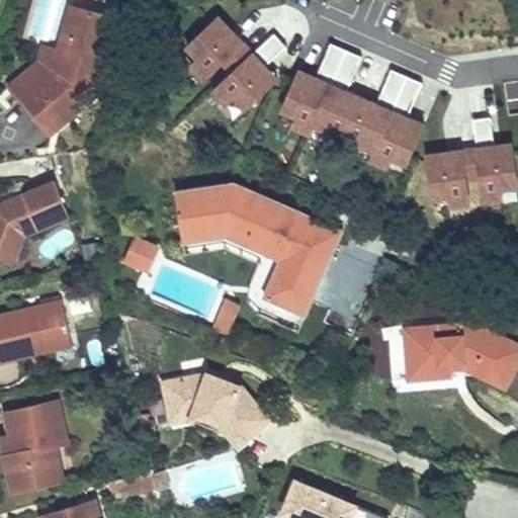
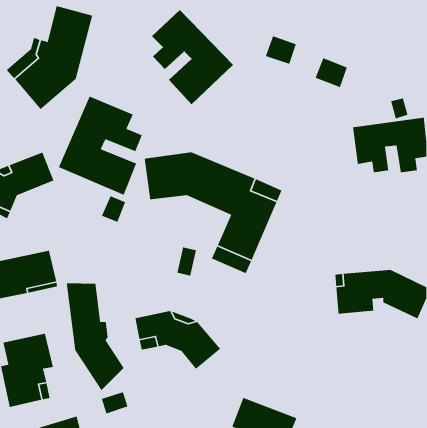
building: [273,66,427,170] -> none
building: none -> [58,96,143,196]
building: none -> [66,283,124,391]

